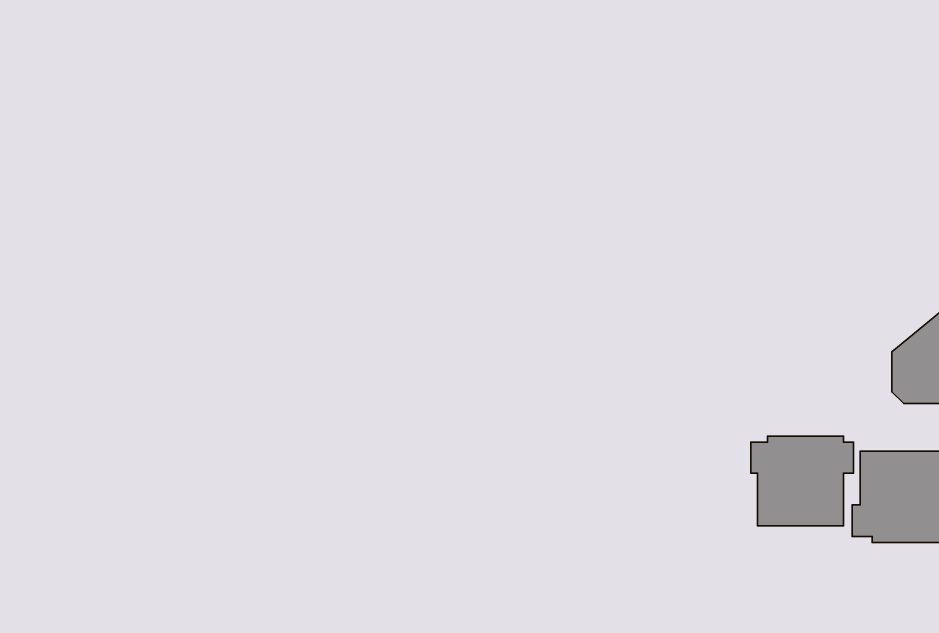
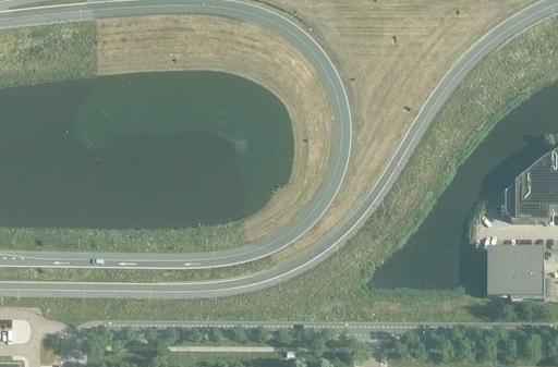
building: [751,436,853,526] -> none

